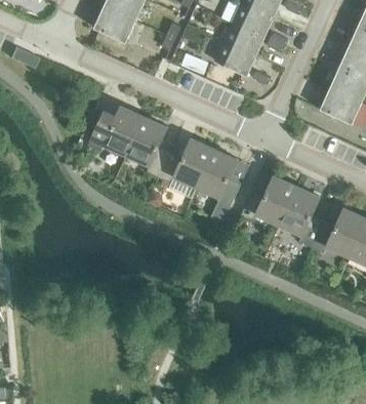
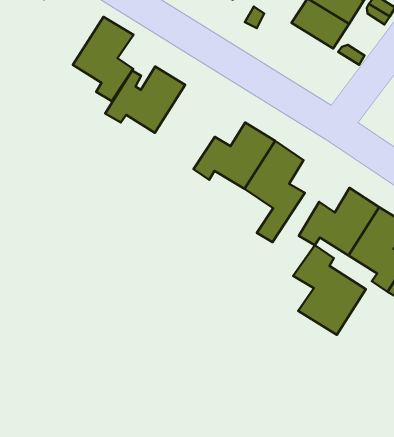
building: [126,117,170,177] -> [73,17,134,101]
building: none -> [293,245,366,335]

